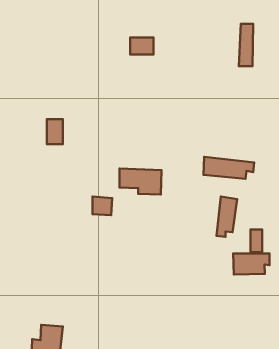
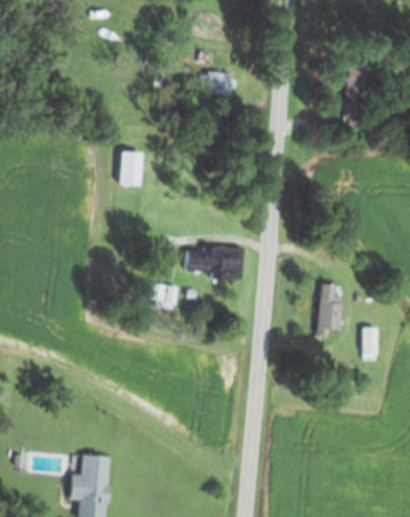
building: [47,119,63,144] -> [119,151,141,185]
building: [203,157,254,179] -> none
building: [233,254,270,275] -> none

